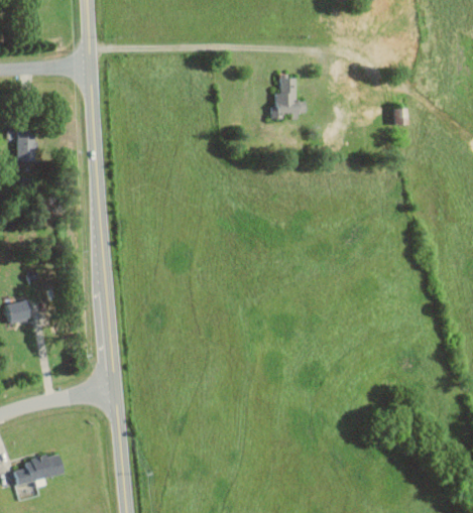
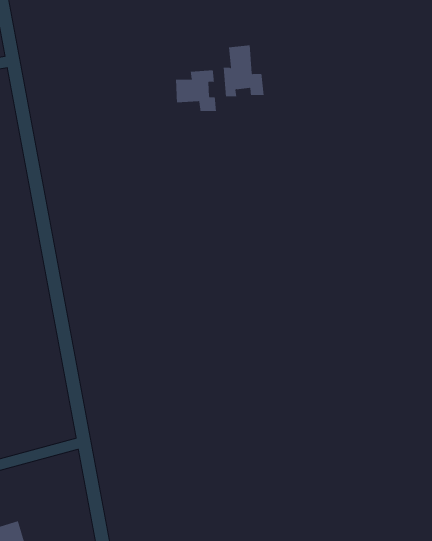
building: none -> [176,70,217,112]

